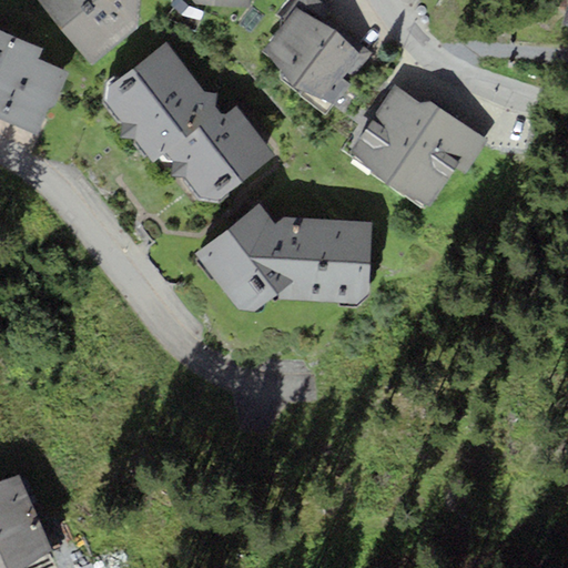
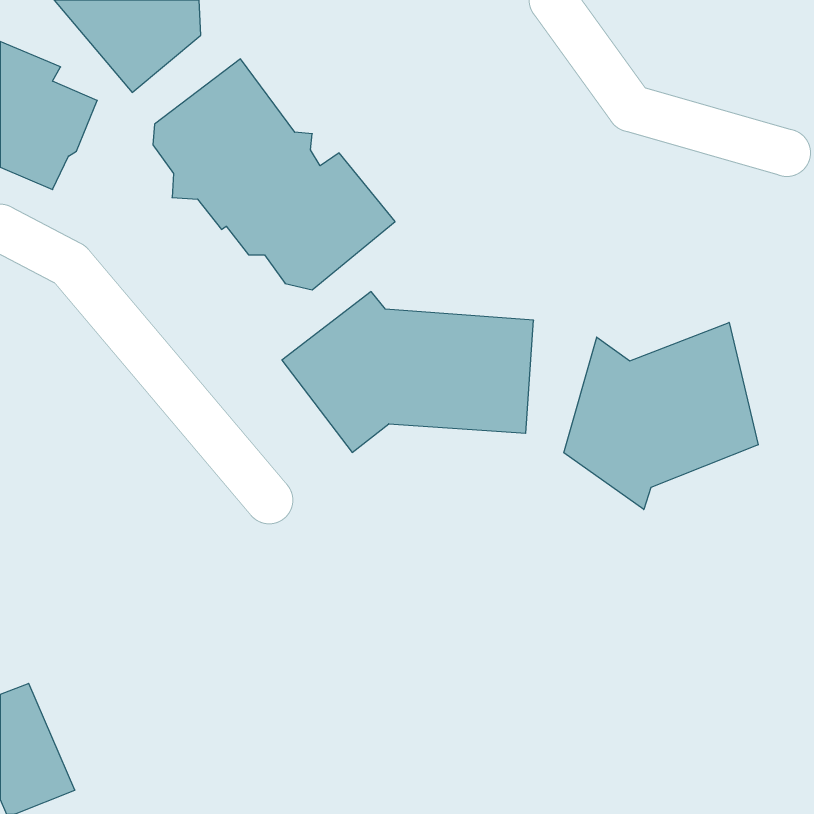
building: [264,10,358,99] -> none
building: [348,87,481,210] -> none
building: none -> [564,322,758,510]

